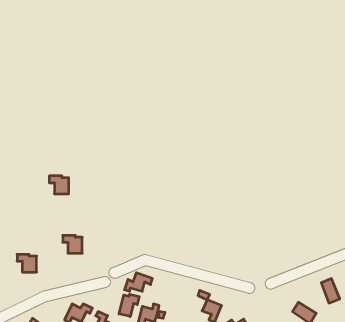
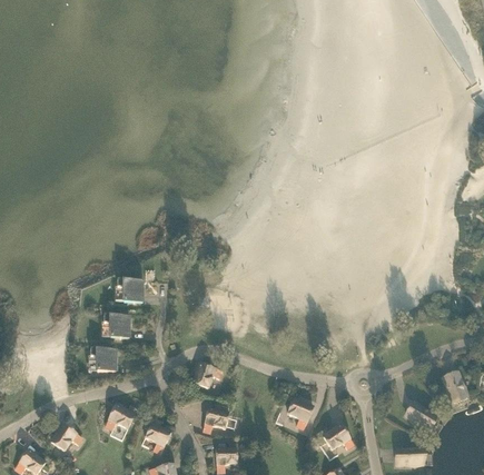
building: [49,176,69,194] -> [116,279,141,303]
building: [17,254,37,272] -> [89,348,115,372]
building: [119,294,139,317] -> none

